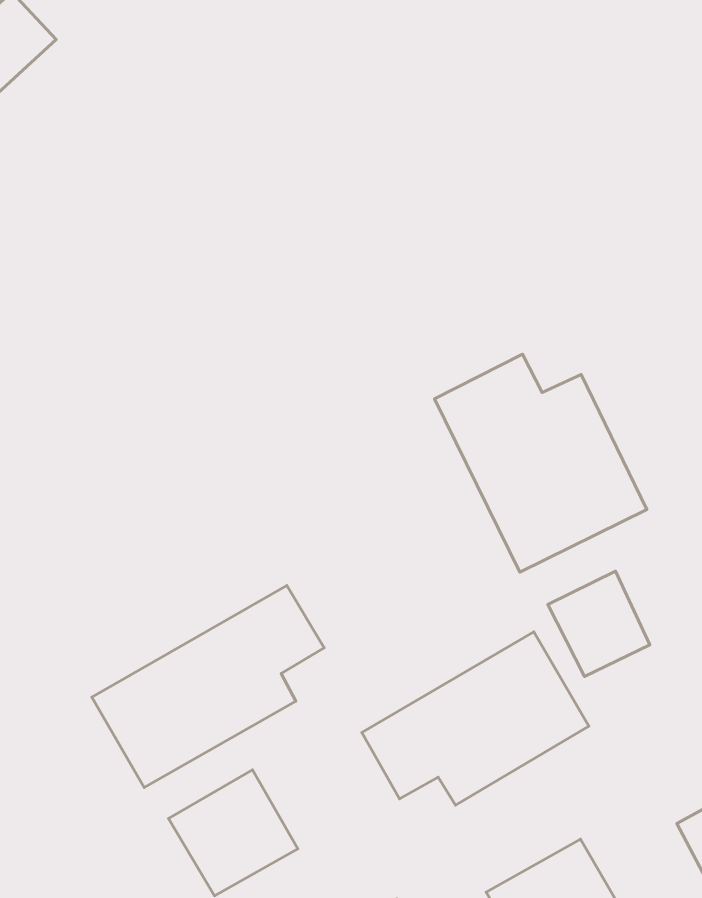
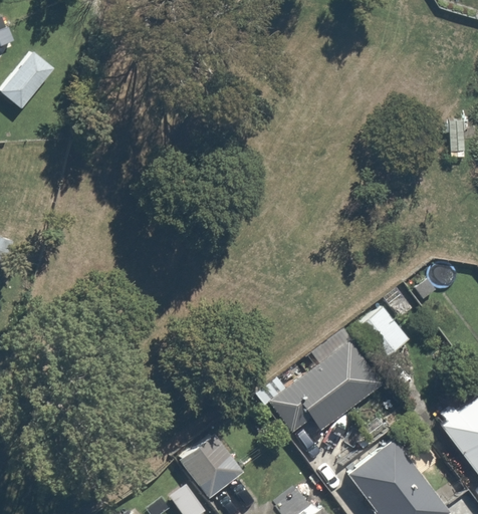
building: [435,354,647,572] -> none
building: [92,585,324,788] -> none

